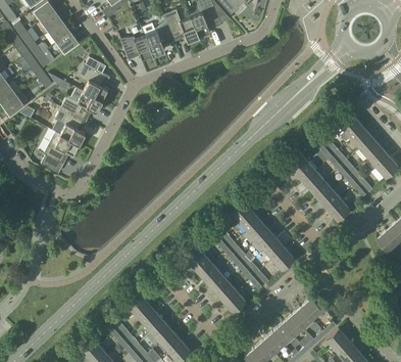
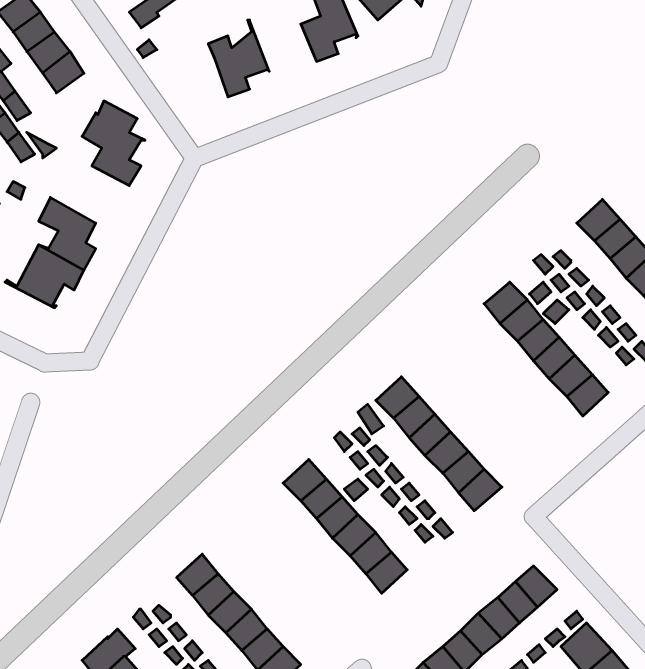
building: [164,11,199,43] -> none
building: [117,34,153,61] -> none
building: [61,89,102,122] -> none

